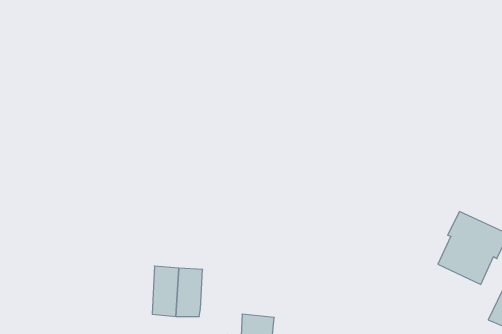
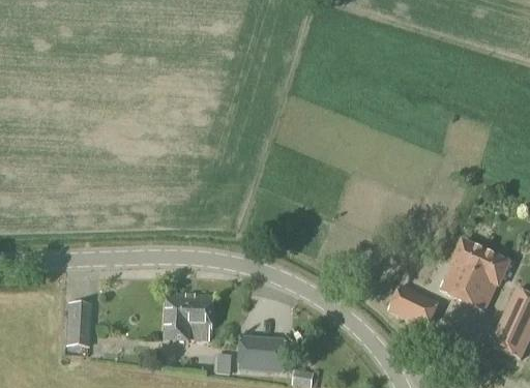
building: none -> [389,282,439,326]
building: none -> [66,302,90,344]

